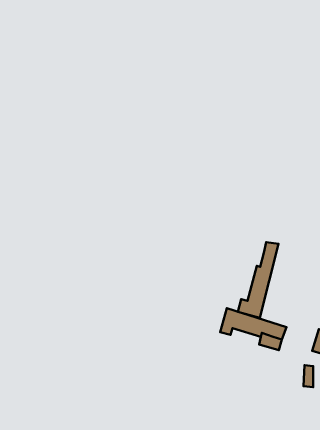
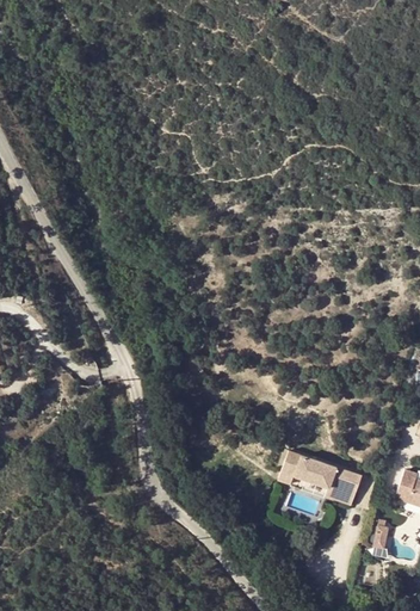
building: [238,242,278,318] -> none

